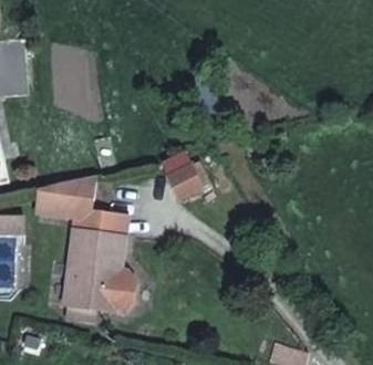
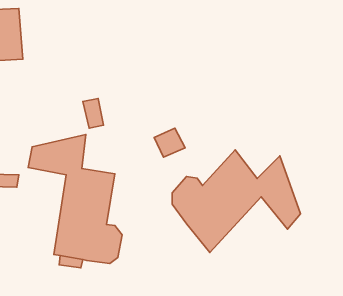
building: none -> [172,150,301,253]

